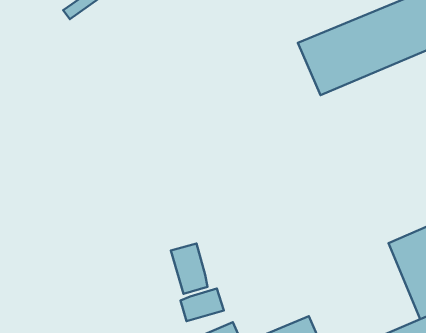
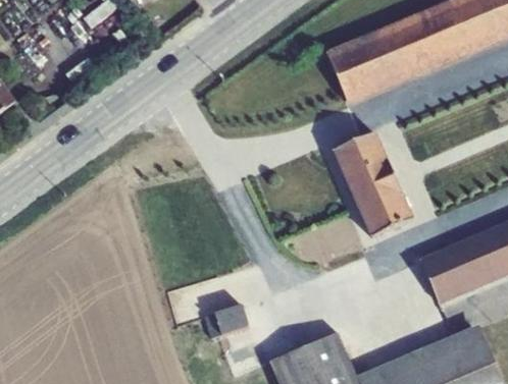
building: none -> [334,131,415,236]
building: [171,244,207,294] -> none

